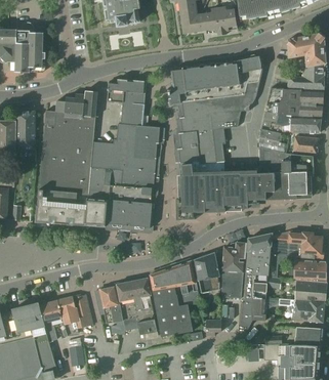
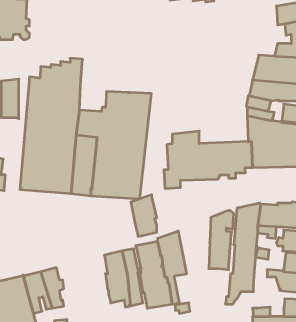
building: [172,55,265,165] -> none
building: [108,78,146,124] -> none
building: [194,252,219,293] -> [131,195,157,236]
building: [99,286,123,322] -> none
building: [72,294,92,331] -> none

